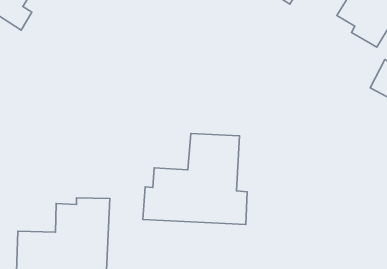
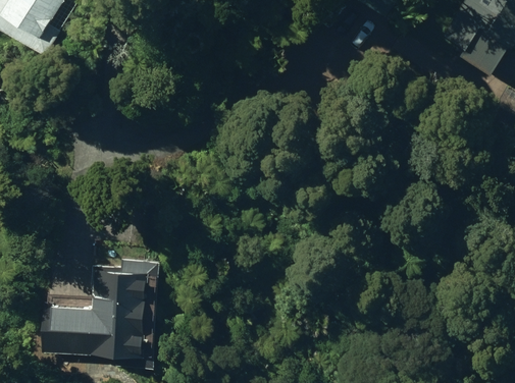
building: [143,133,247,224] -> none

